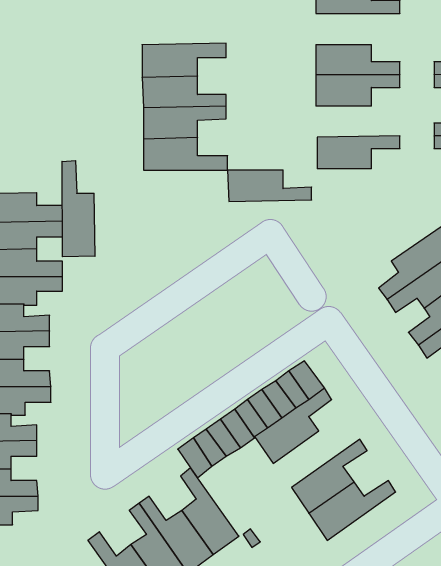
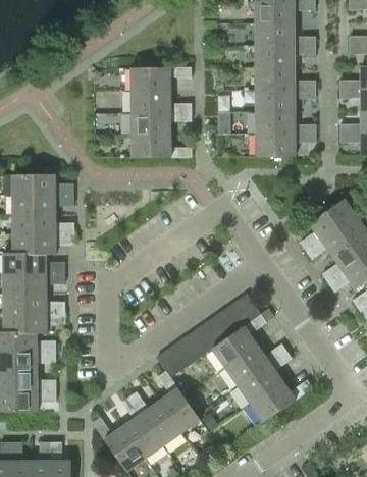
building: none -> [255,46,315,68]
building: [62,161,95,257] -> none
building: [228,170,312,201] -> [255,112,315,135]
building: none -> [224,343,286,385]

